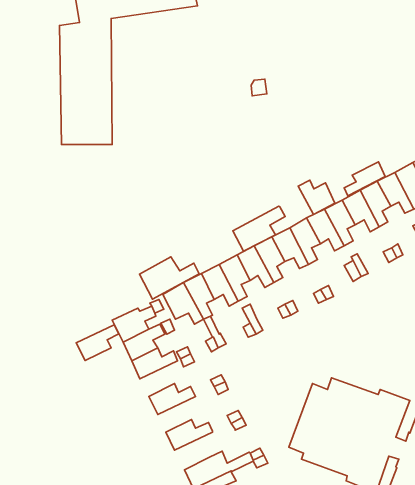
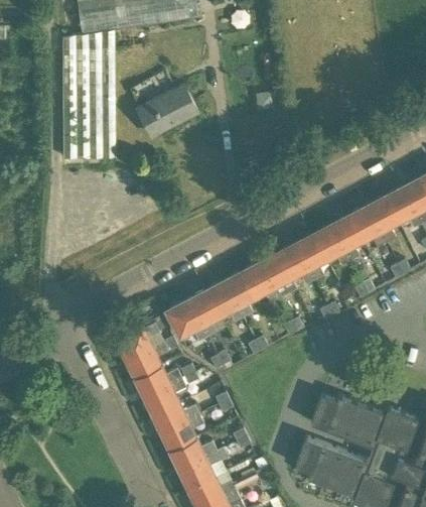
building: none -> [136,85,197,136]
building: [344,162,385,196] -> none
building: [298,180,335,214] -> none
building: [233,206,285,251] -> none
building: [140,257,199,299] -> none
building: [76,325,119,361] -> [143,378,186,414]
building: none -> [161,414,203,451]
building: none -> [178,447,228,489]

